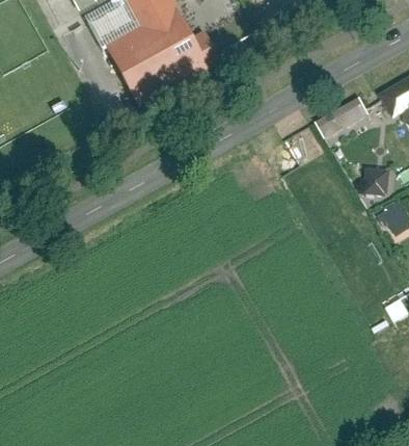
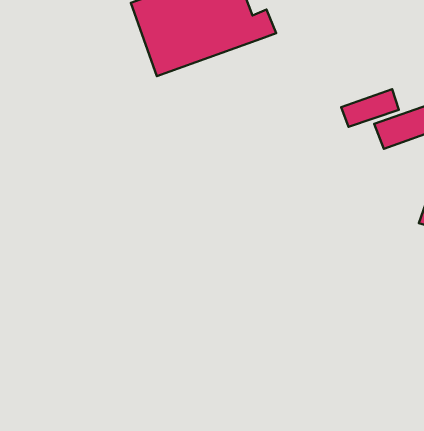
building: none -> [341,89,399,127]

